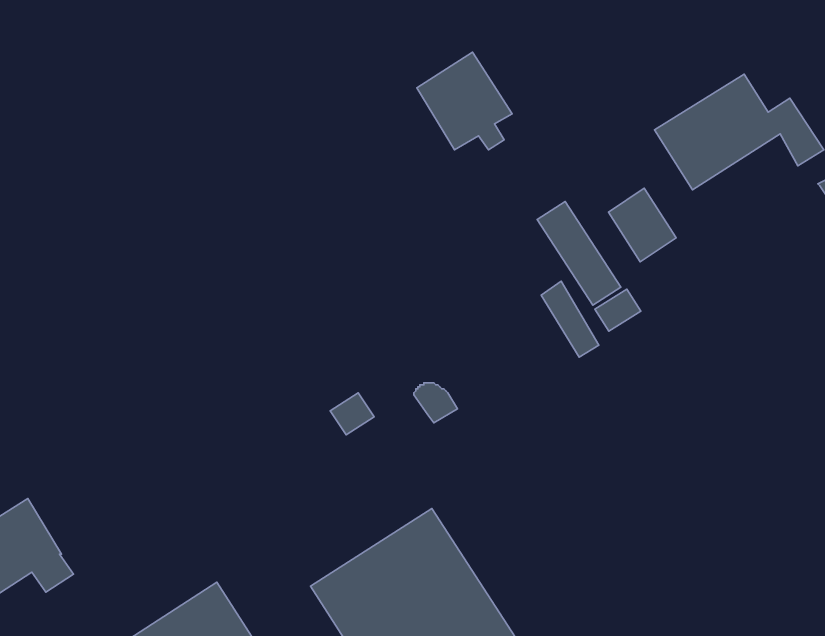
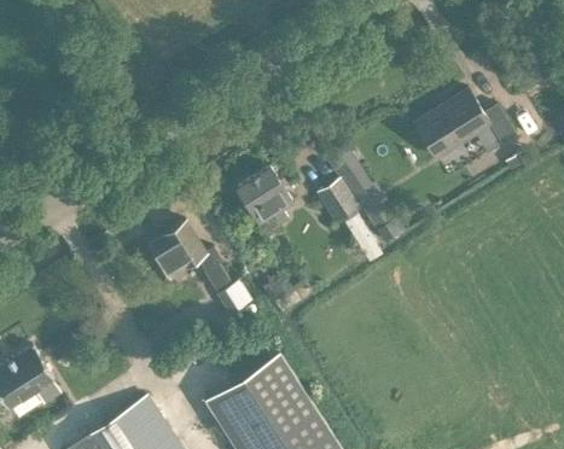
building: [417,52,512,150] -> [237,167,295,226]
building: [608,188,676,262] -> [318,179,359,223]
building: none -> [147,220,229,290]

